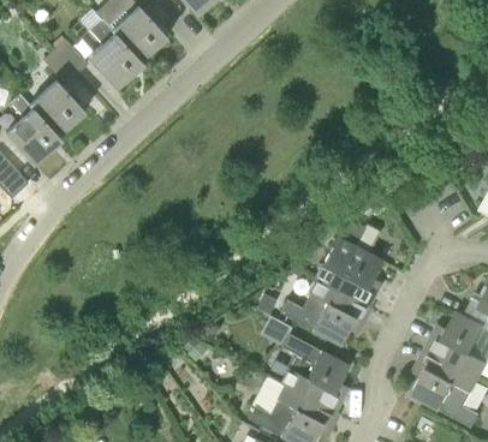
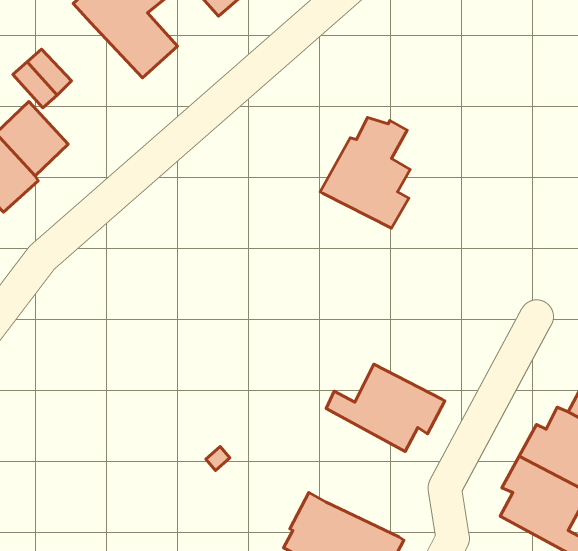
building: [88,19,144,89] -> none
building: [314,221,382,305] -> [320,117,410,228]
building: [280,333,349,410] -> none

